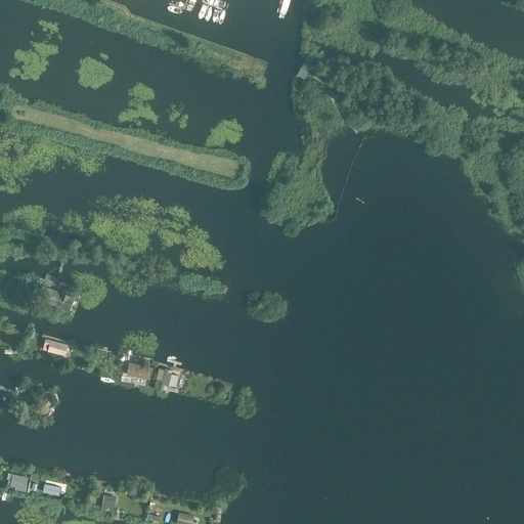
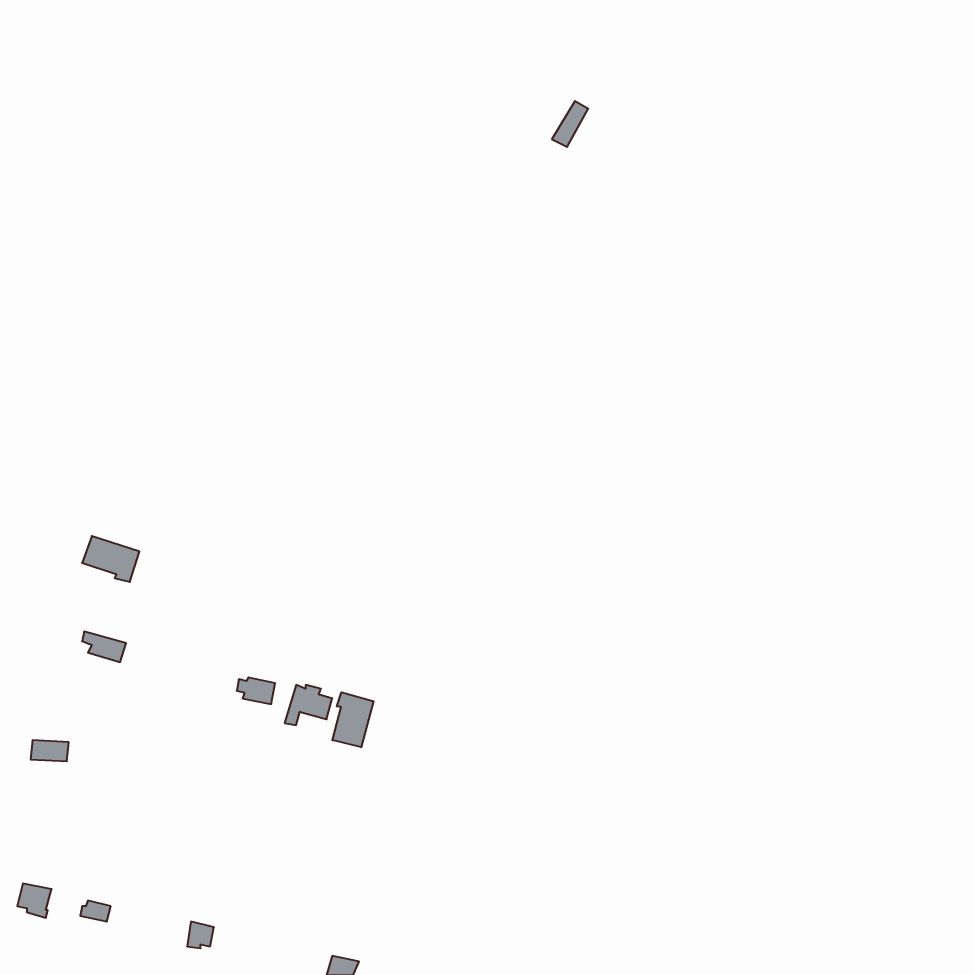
building: none -> [332,692,374,747]

